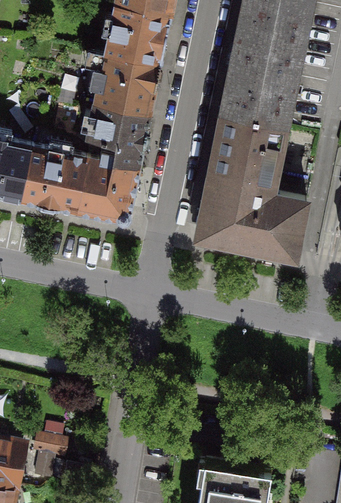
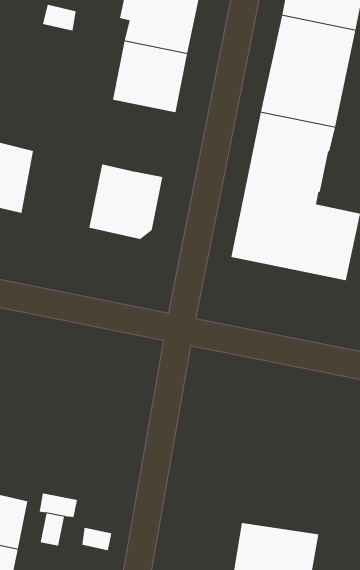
building: [87,104,149,169] -> none
building: [19,147,86,212] -> none

